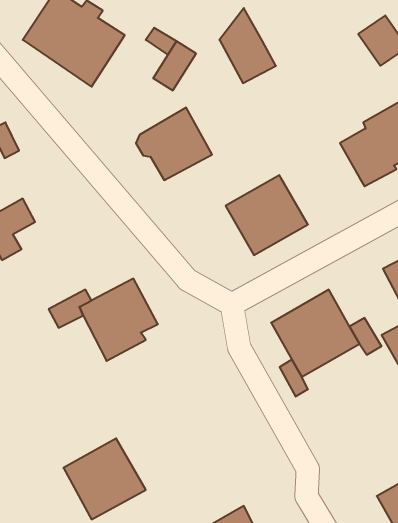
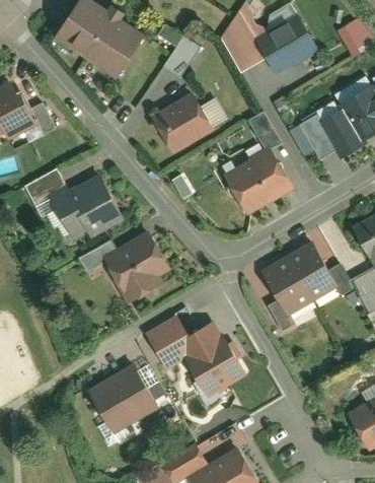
building: none -> [254,15,316,74]
building: none -> [247,112,281,150]
building: none -> [299,116,334,159]
building: none -> [49,175,123,237]
building: none -> [147,318,247,397]

